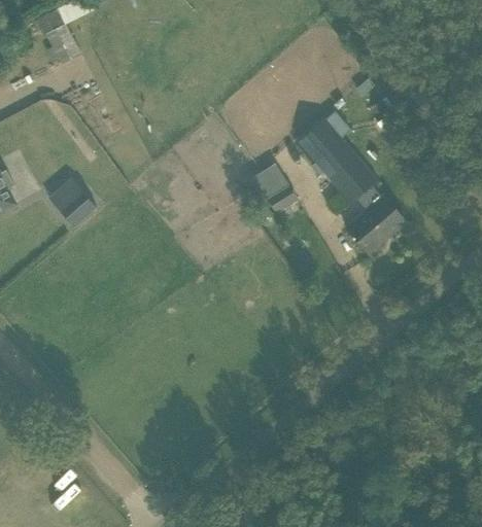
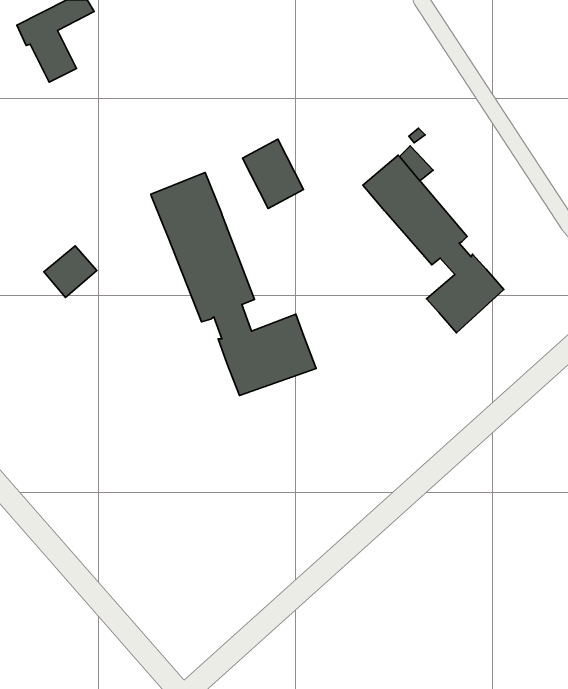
building: none -> [151,173,316,395]
building: [252,162,299,214] -> [242,139,303,208]

